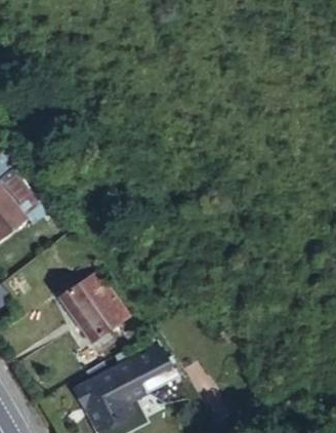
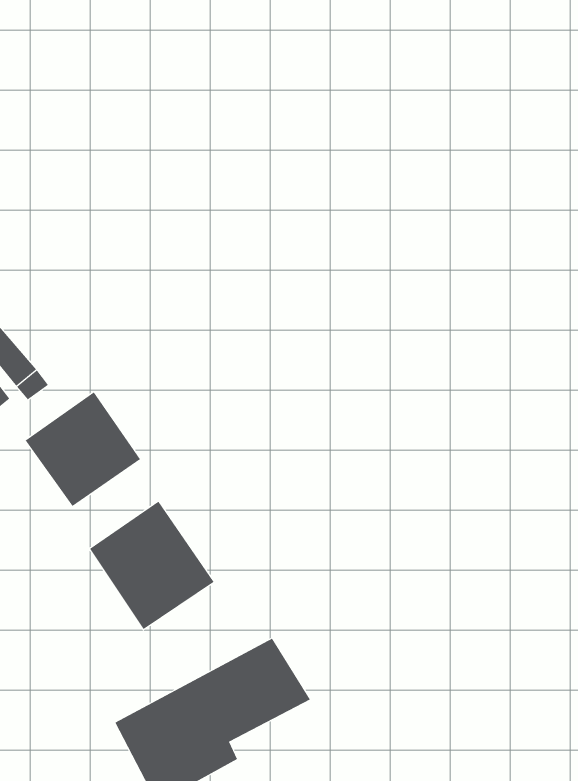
building: none -> [25,391,141,507]

